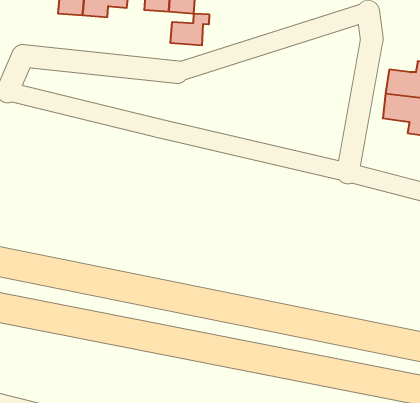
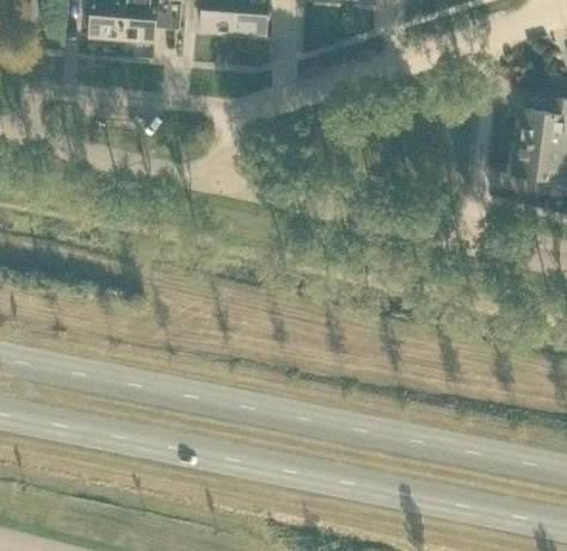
building: [171,13,209,45] -> none

